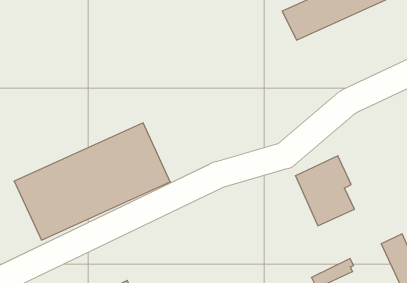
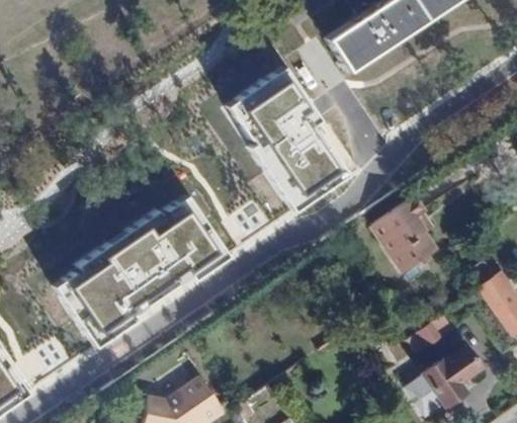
building: none -> [225,65,347,209]

